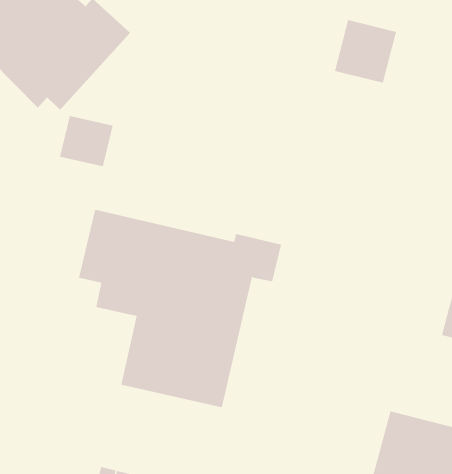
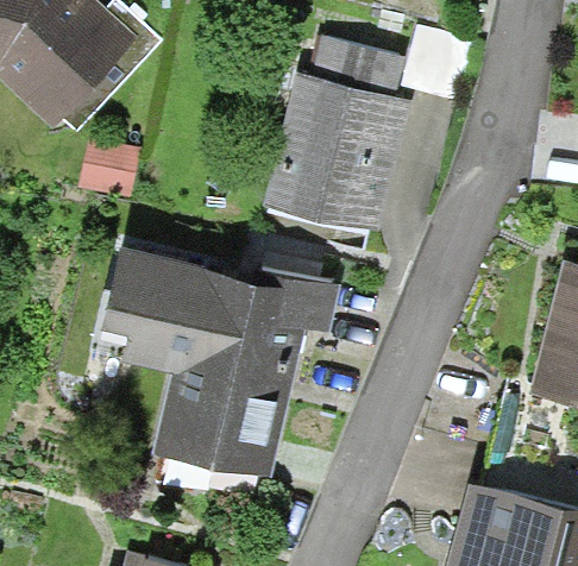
building: none -> [263,34,411,231]

